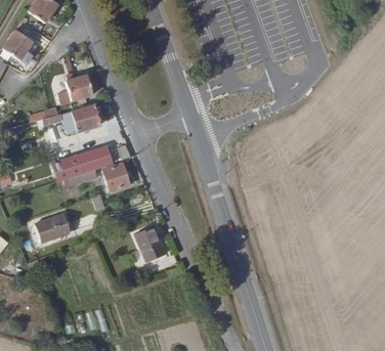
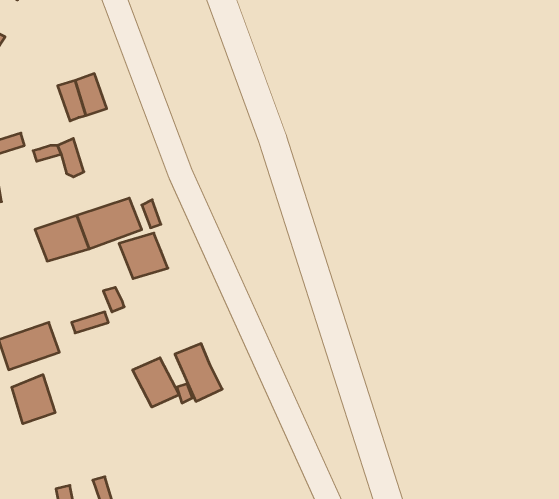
building: [76,102,104,129] -> none
building: none -> [133,358,179,407]
building: none -> [12,375,55,424]

